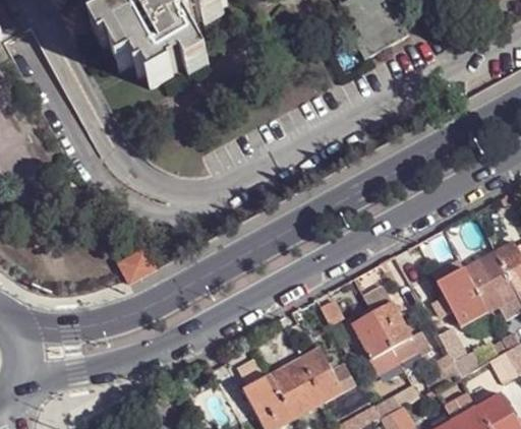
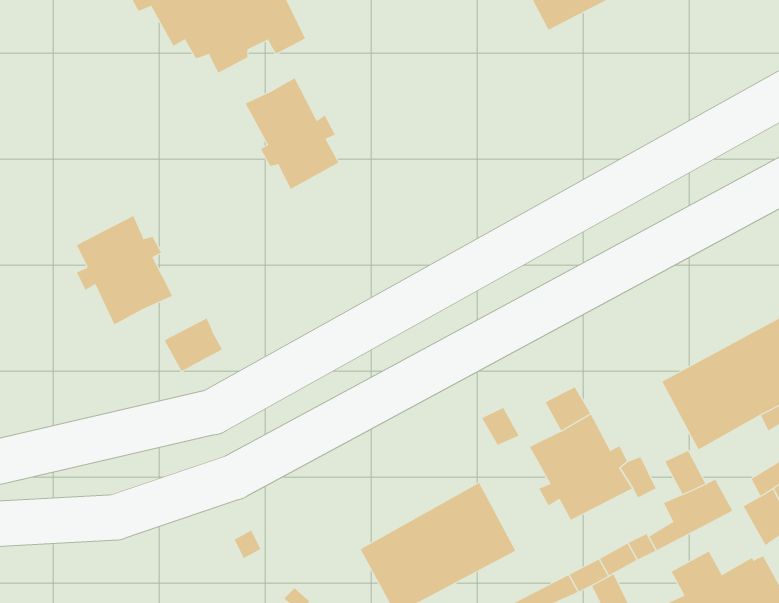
building: none -> [245,77,339,190]
building: none -> [76,215,173,325]

